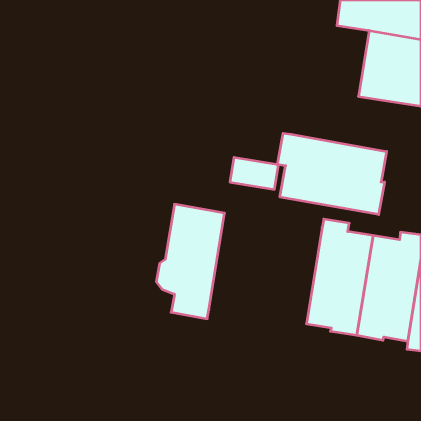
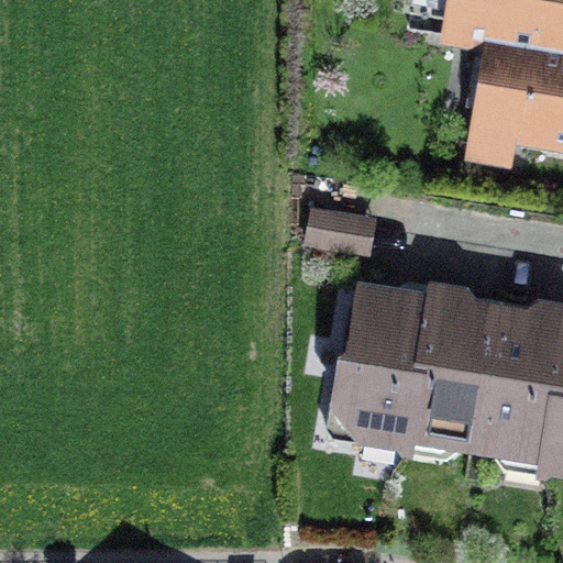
building: [277,133,387,215] -> none
building: [156,204,225,319] -> [339,291,430,444]

